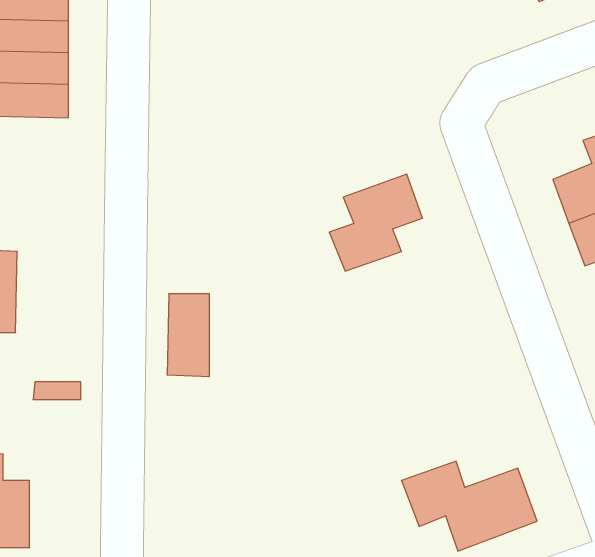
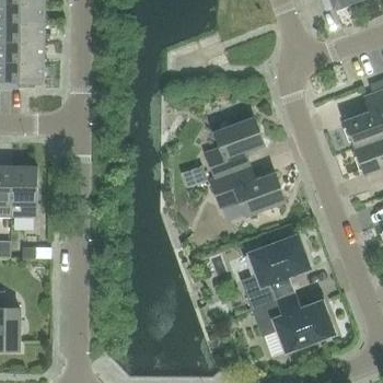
building: none -> [210,166,285,216]
building: [167,294,209,377] -> [11,166,37,218]
building: none -> [241,235,310,309]

